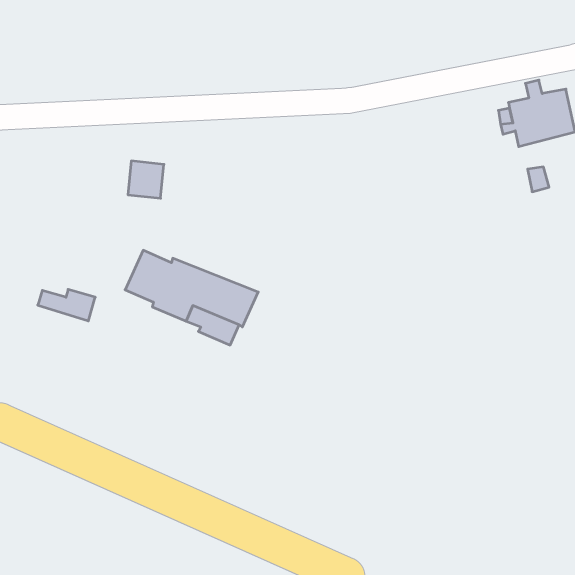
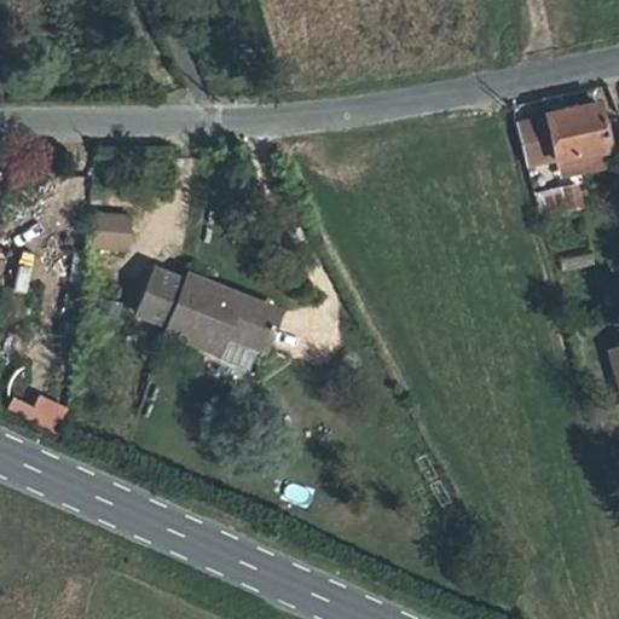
building: [128,161,164,198] -> [88,209,127,249]
building: [38,289,95,321] -> [6,394,68,428]

